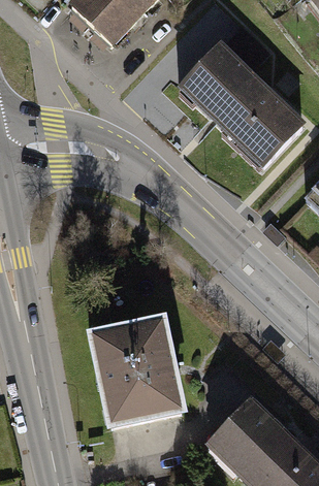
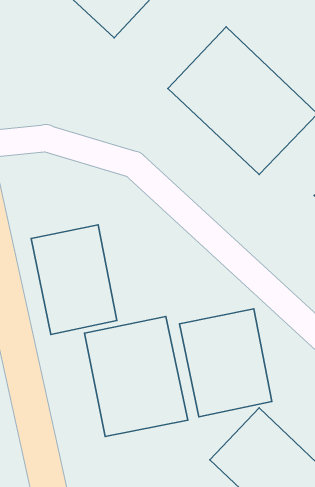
building: none -> [31,225,117,335]
building: none -> [180,309,272,417]

